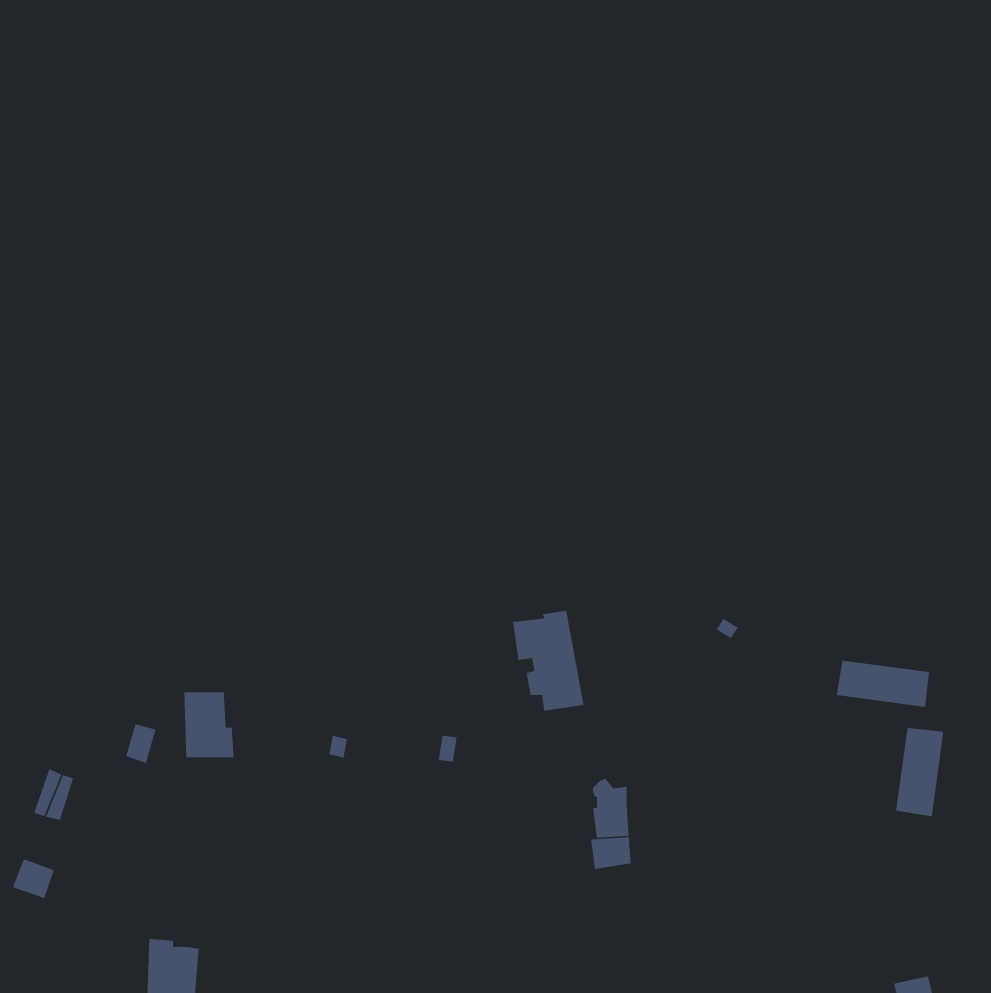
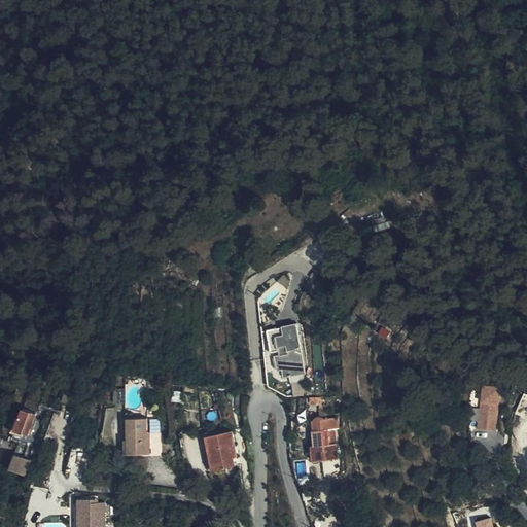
building: [836,660,930,708] -> none
building: [184,692,234,758] -> [125,420,151,455]
building: none -> [202,430,237,468]

